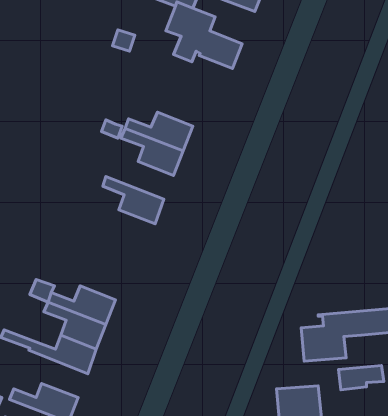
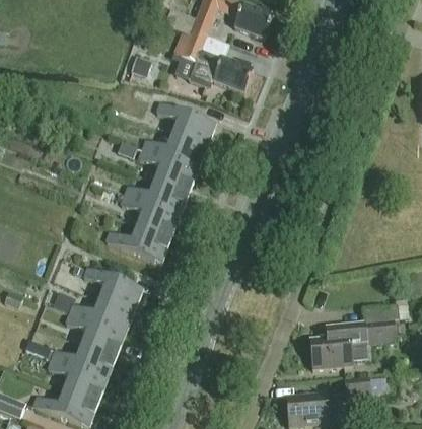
building: none -> [156,102,215,147]
building: none -> [124,181,188,216]
building: none -> [106,226,170,263]
building: none -> [83,267,142,311]
building: none -> [48,359,107,404]

